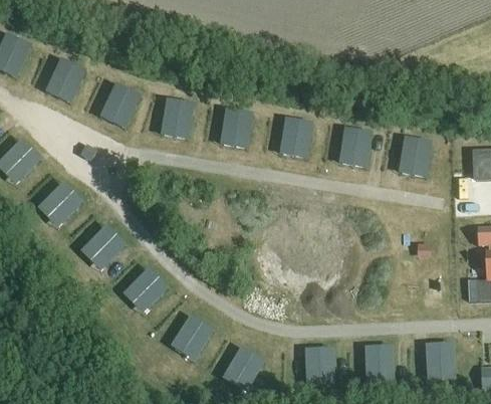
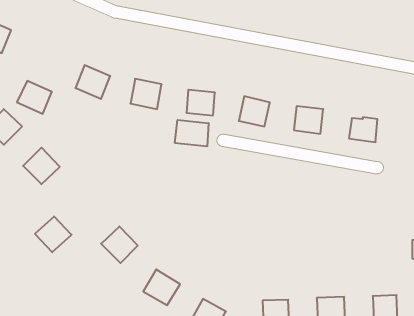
building: [46,65,84,102] -> [17,81,52,114]
building: none -> [175,120,209,146]
building: [86,224,127,263] -> [35,216,72,252]

